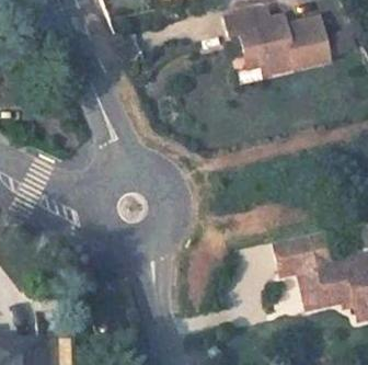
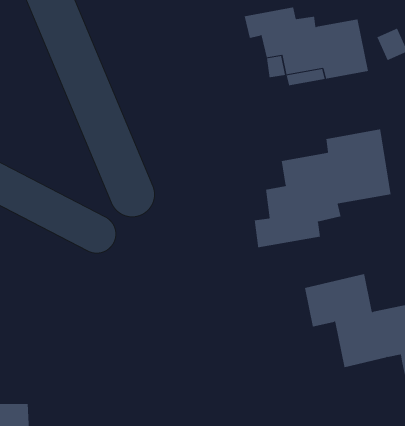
building: none -> [254,129,391,248]

